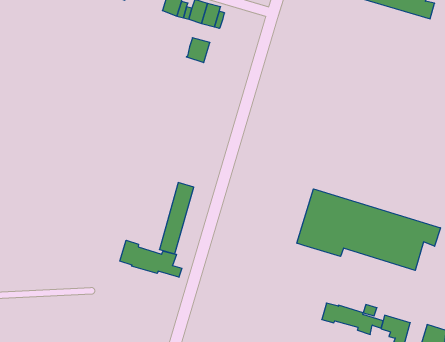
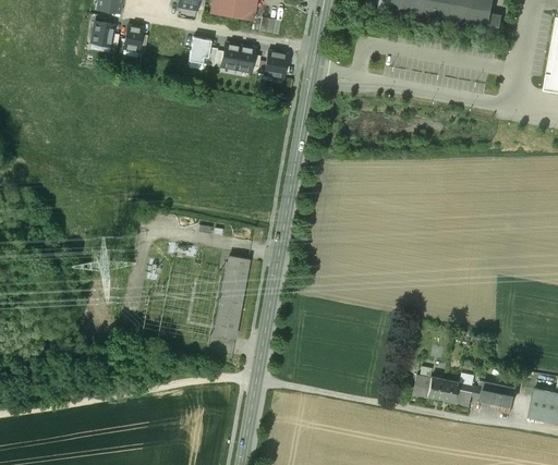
building: [186,38,210,63] -> [263,51,288,78]
building: [297,189,440,270] -> none
building: [120,240,182,277] -> none

